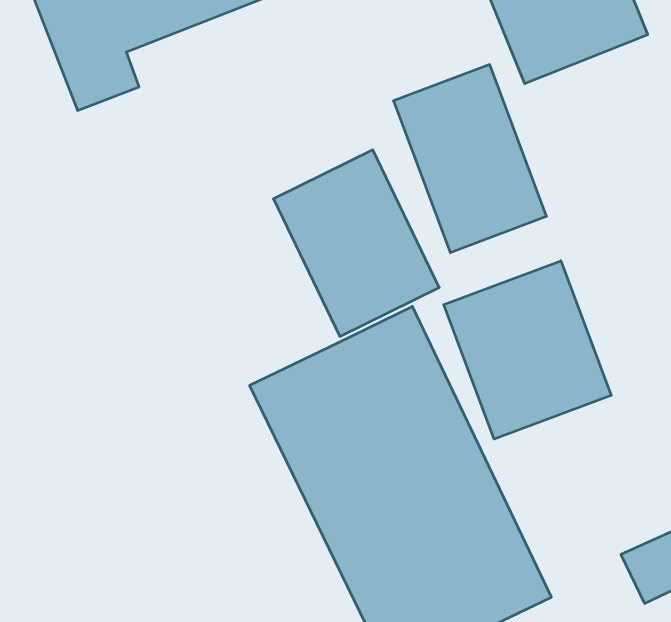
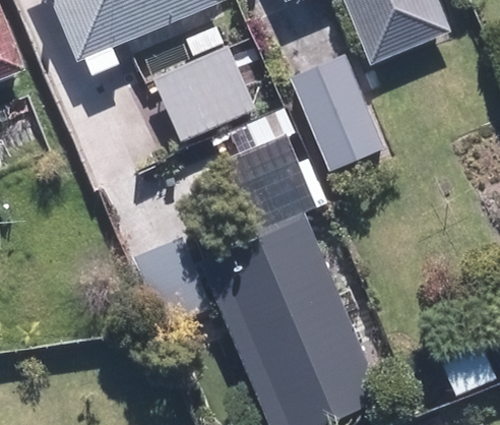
building: none -> [144,15,260,147]
building: [444,261,611,439] -> none

